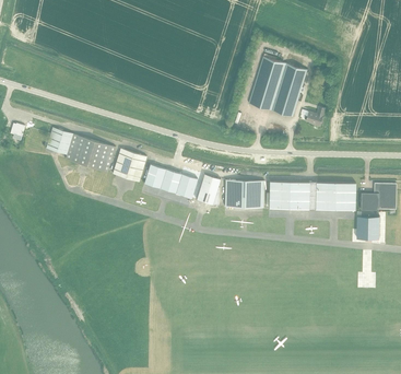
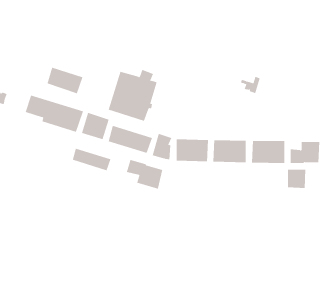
building: [248,55,307,117] -> [108,69,157,122]
building: none -> [47,67,83,94]
building: none -> [72,148,111,171]
building: none -> [126,159,163,189]

